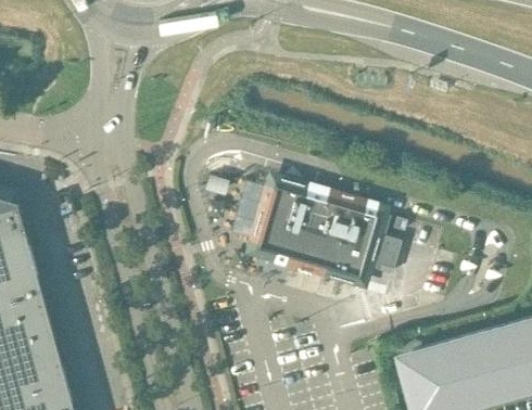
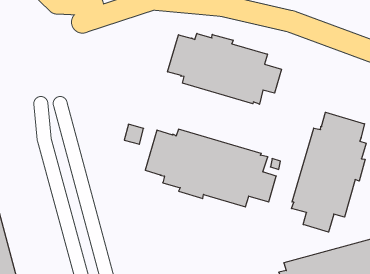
building: none -> [168,33,282,104]
building: none -> [292,112,366,232]

